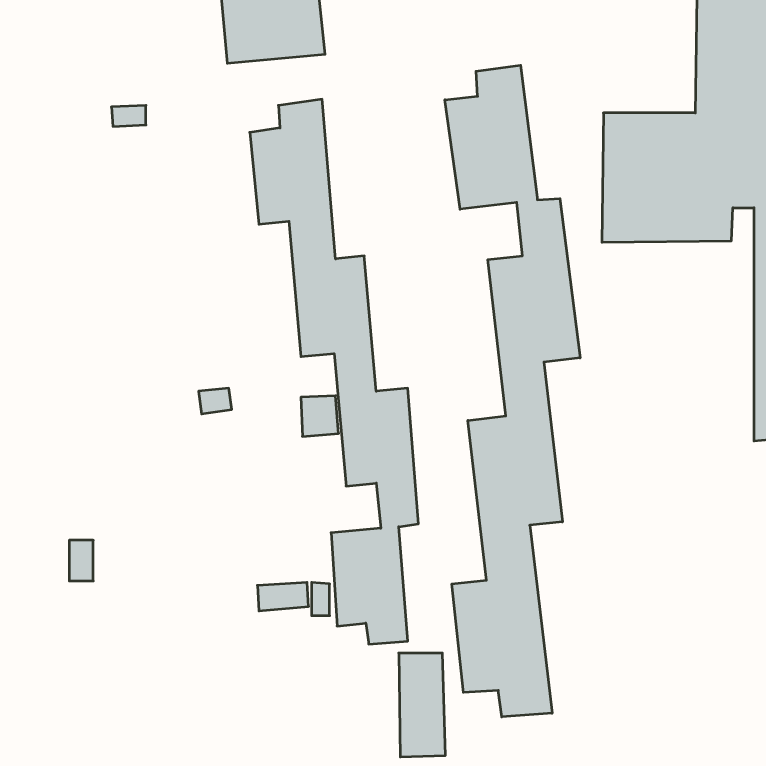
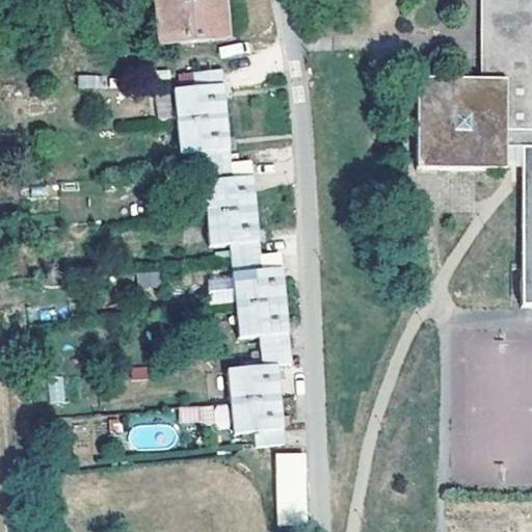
building: [445,65,580,717] -> none

